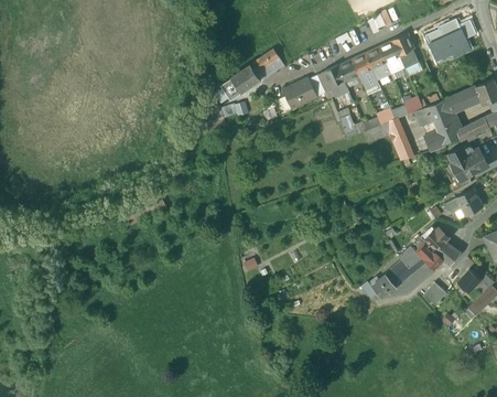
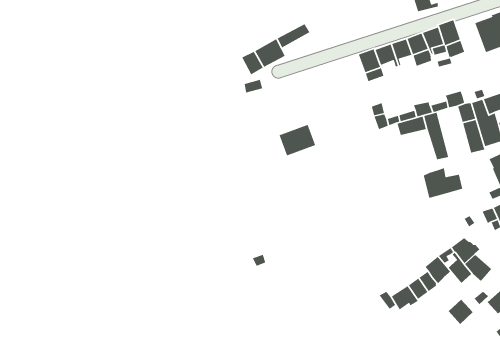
building: [283,78,317,109] -> [279,124,316,157]
building: none -> [423,167,463,199]

